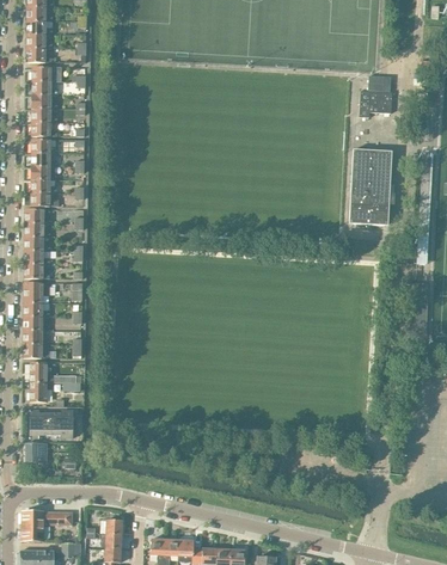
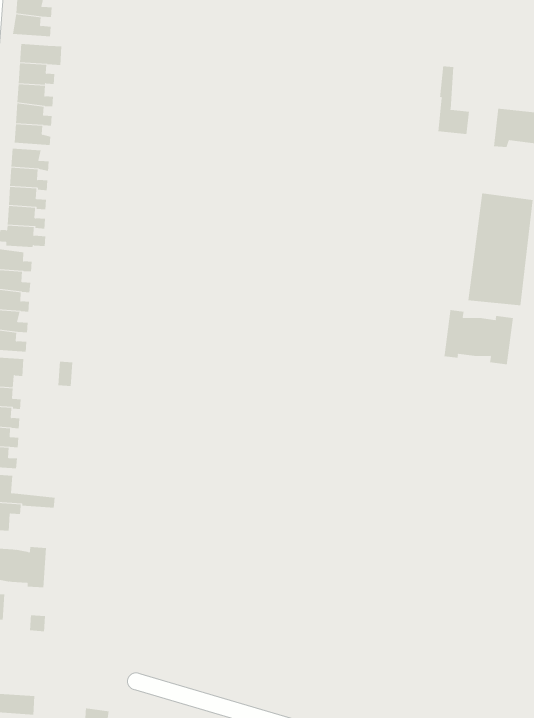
building: none -> [438,65,469,135]
building: none -> [444,309,513,365]

